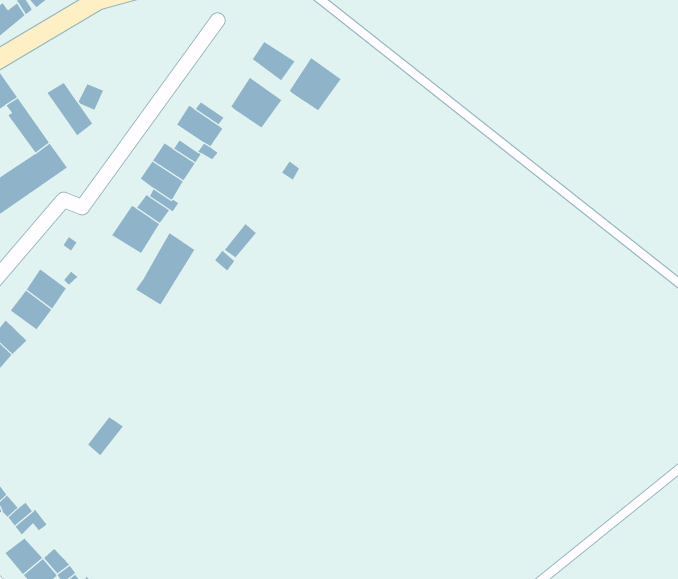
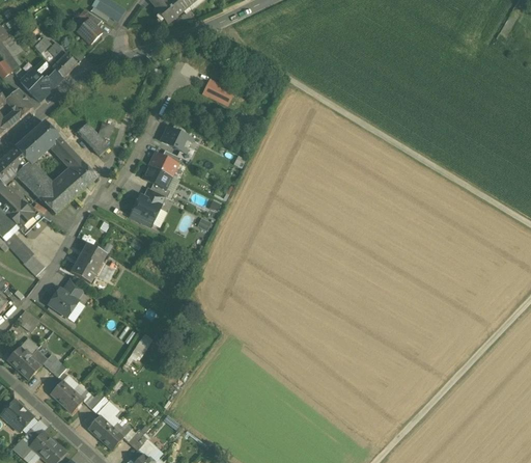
building: [289,57,342,111] -> none
building: [230,77,282,128] -> none
building: [135,232,195,306] -> none

